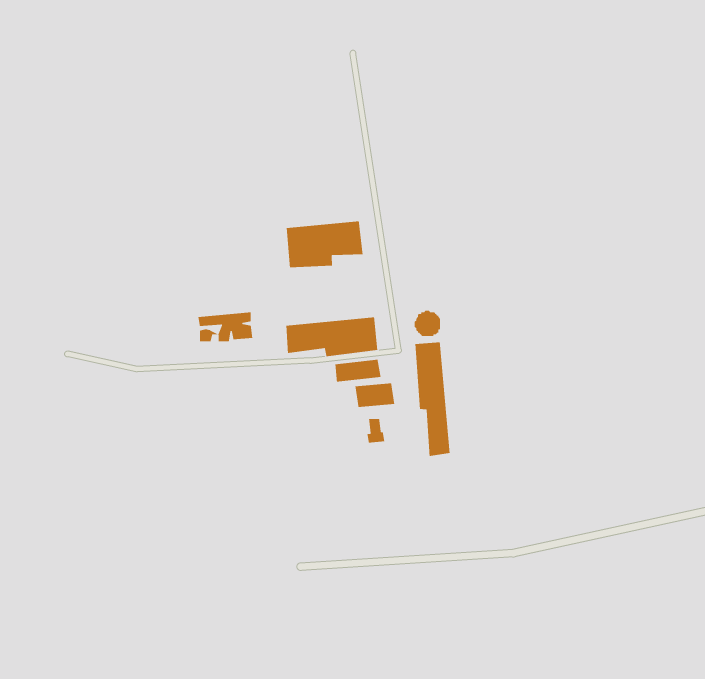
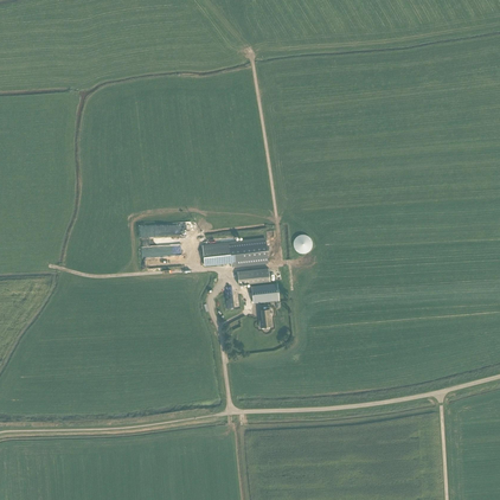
building: [286,221,364,268] -> none
building: [415,342,451,457] -> none

